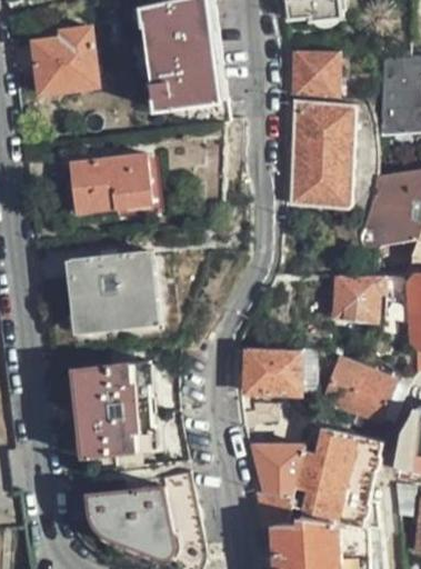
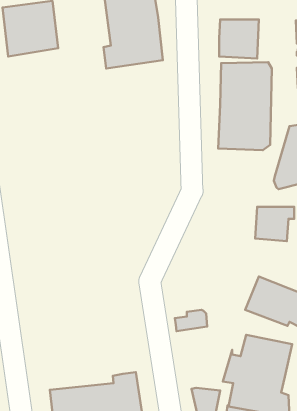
building: [70,154,151,213] -> none
building: [72,253,153,330] -> none
building: [245,350,300,395] -> none
building: [73,363,156,458] -> none
building: [251,445,305,496] -> none

